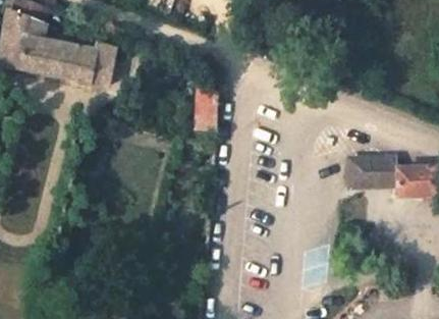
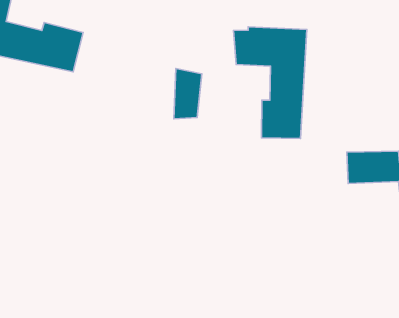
building: none -> [234,27,307,138]

